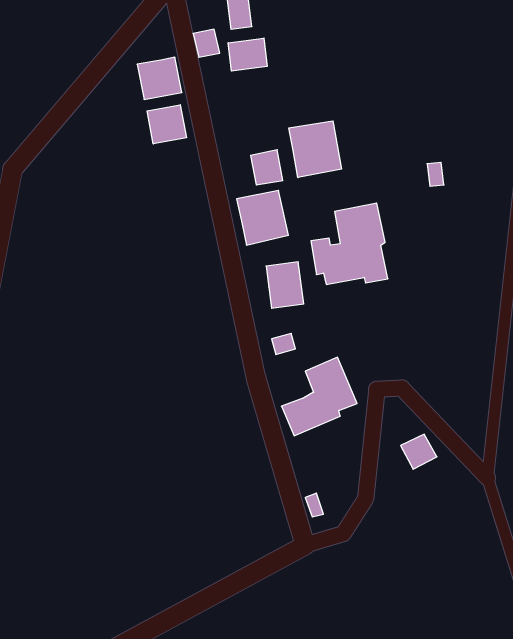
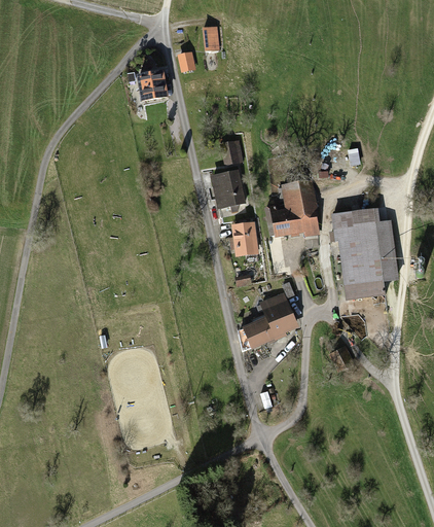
building: [228,38,267,71] -> none
building: [147,105,186,144] -> none
building: [289,121,341,178] -> none
building: none -> [330,208,398,301]

